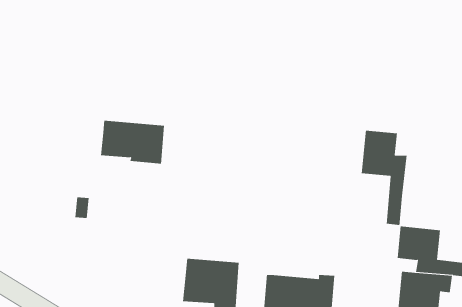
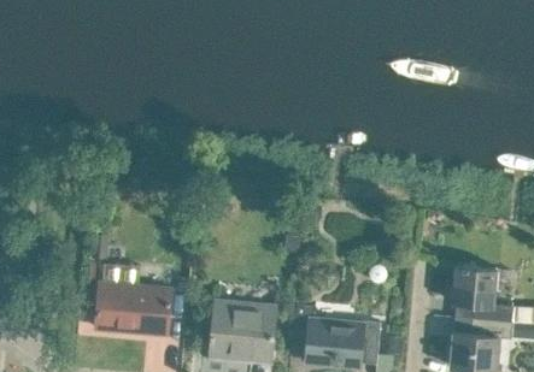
building: [100,120,165,164] -> [98,284,170,333]
building: [361,130,407,226] -> none

